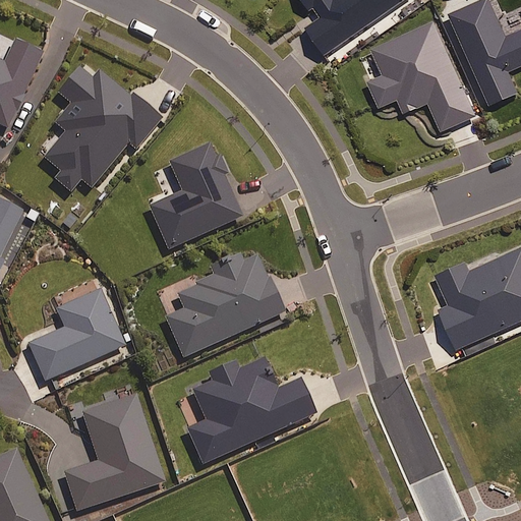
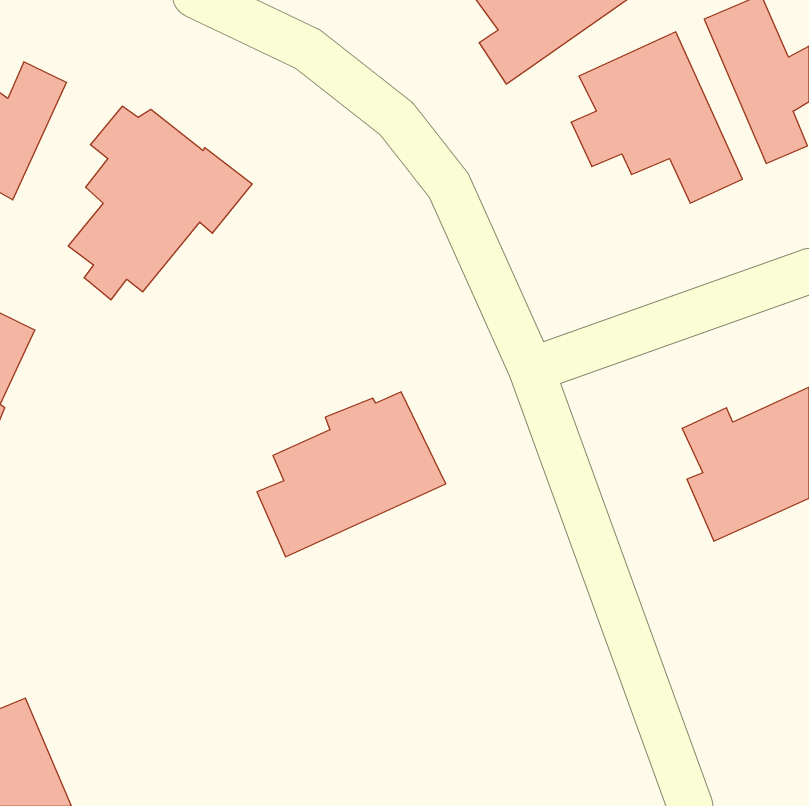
building: [151,142,241,247] -> none
building: [28,289,125,381] -> none
building: [188,358,315,462] -> none
building: [65,395,163,510] -> none

